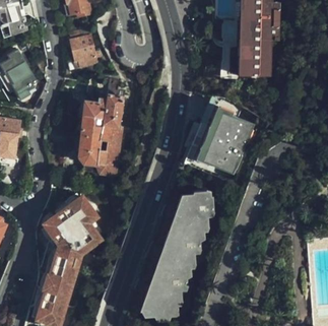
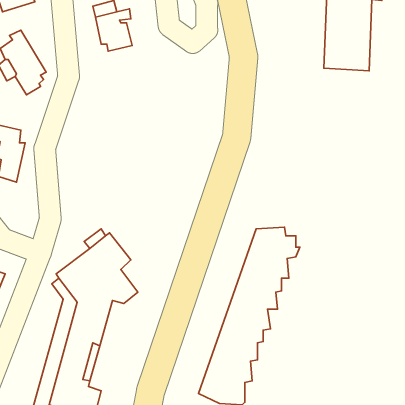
building: [78,78,124,176] -> none
building: [184,95,253,176] -> none

